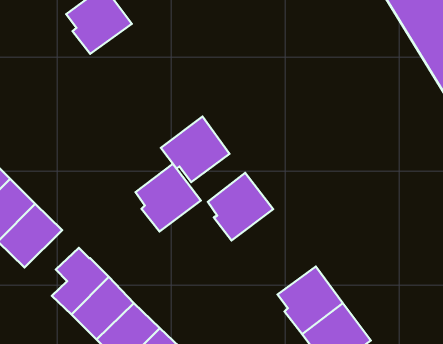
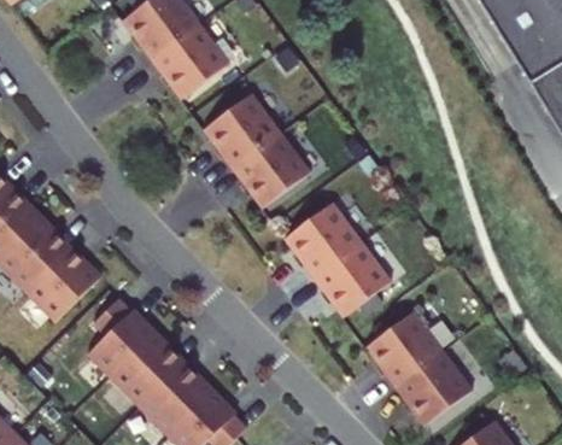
building: none -> [139,36,218,111]
building: [135,164,201,232] -> [193,101,269,180]
building: none -> [303,251,382,327]

